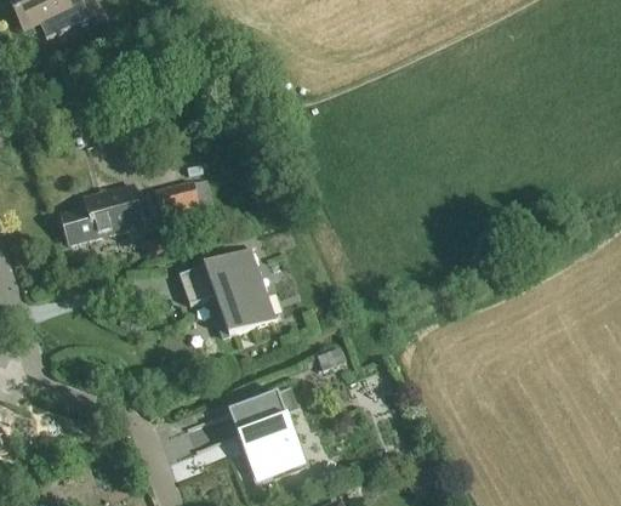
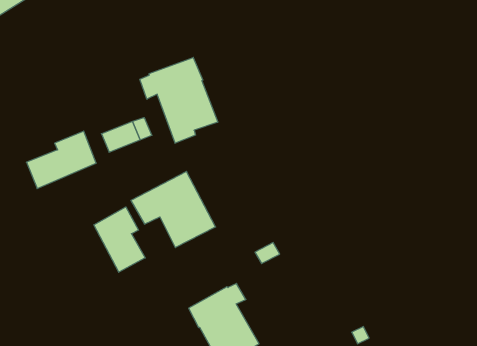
building: none -> [140,57,218,143]
building: none -> [94,207,145,272]

